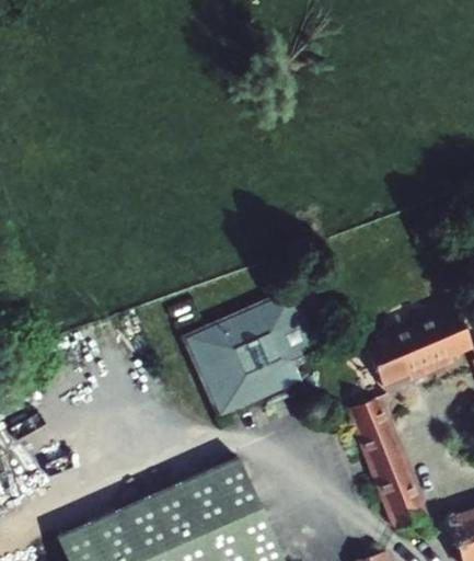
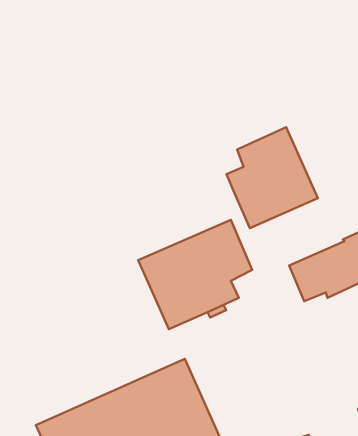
building: none -> [226,127,318,228]
building: [346,396,431,530] -> none

